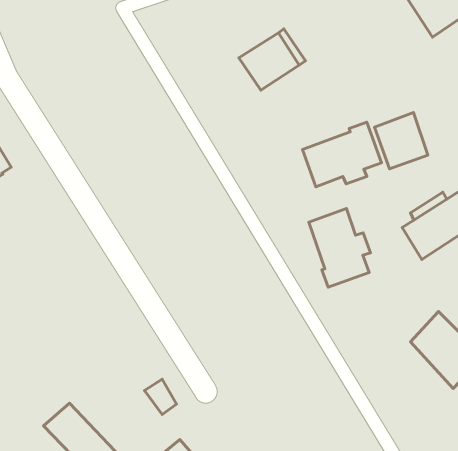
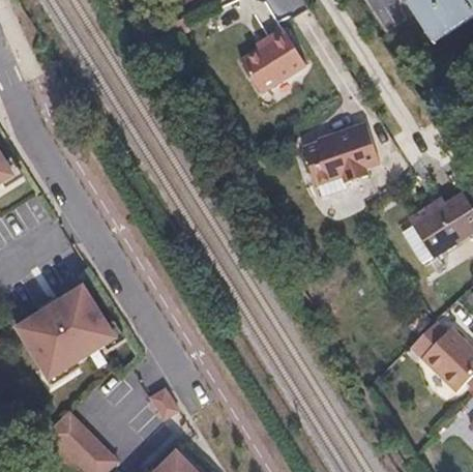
building: [375,113,428,169] -> none
building: [309,208,371,287] -> none
building: none -> [18,284,115,376]

